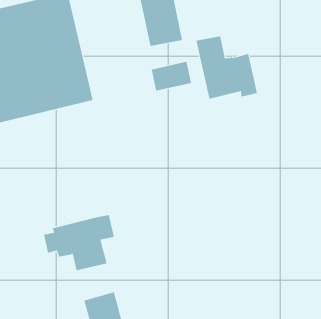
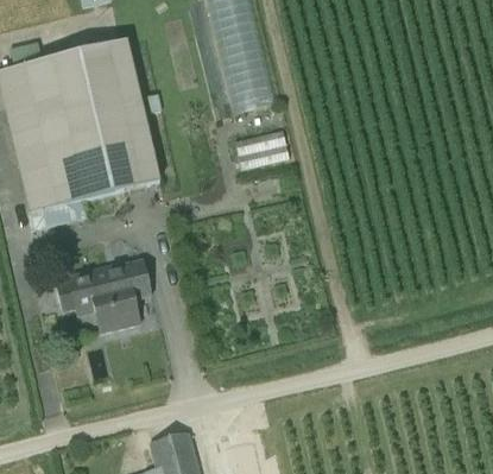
building: [196,36,258,100] -> none
building: [43,214,116,271] -> [56,257,151,330]

